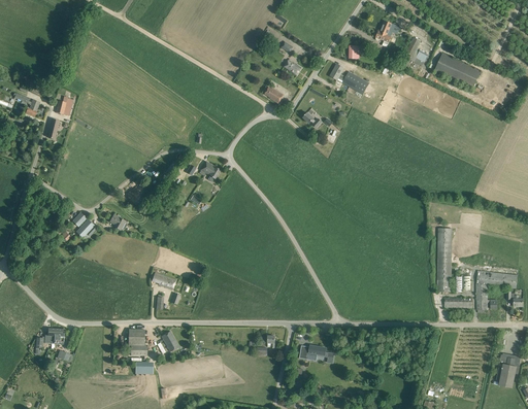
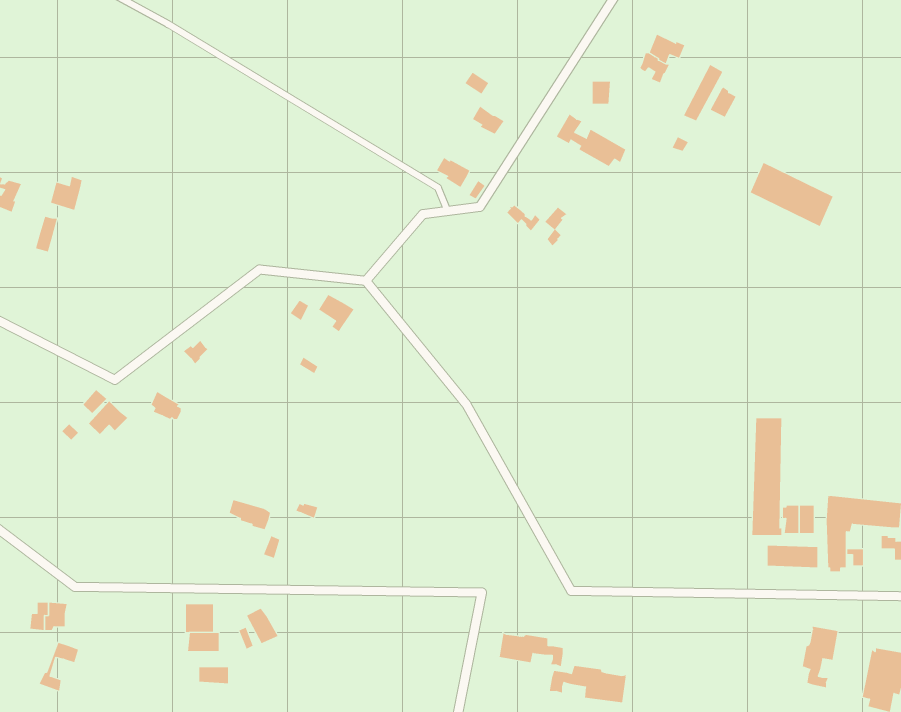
building: [434,53,480,88] -> [750,162,833,227]
building: none -> [802,625,838,688]
building: none -> [549,665,627,703]

